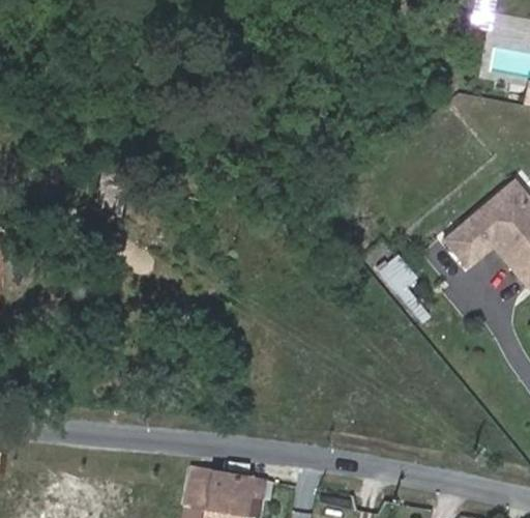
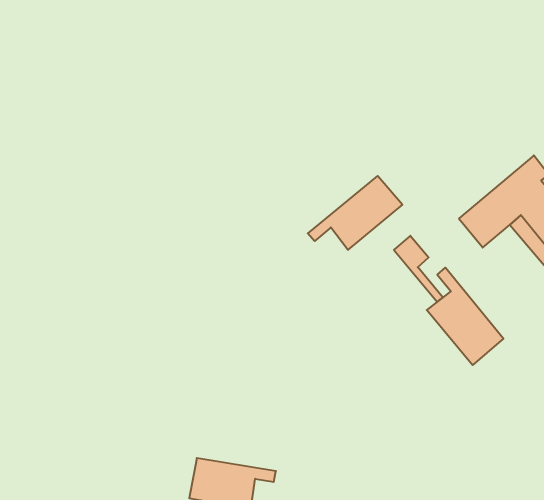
building: none -> [308,176,402,250]
building: none -> [427,268,503,365]

